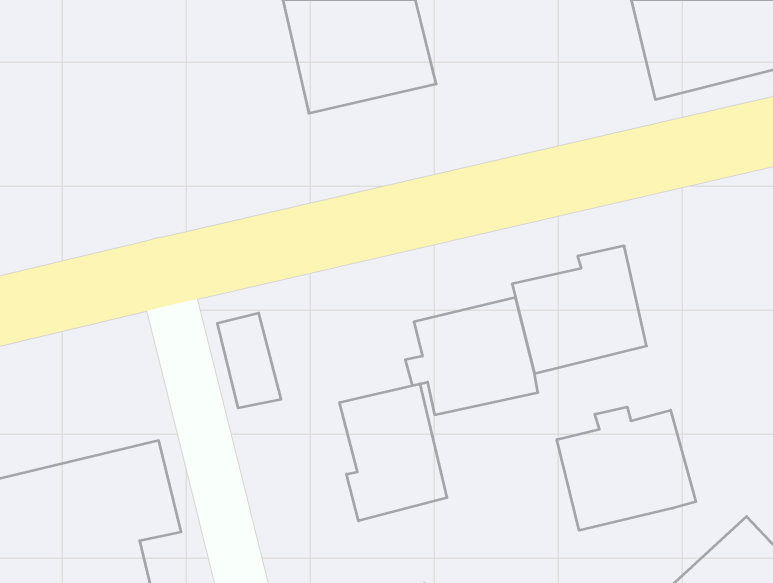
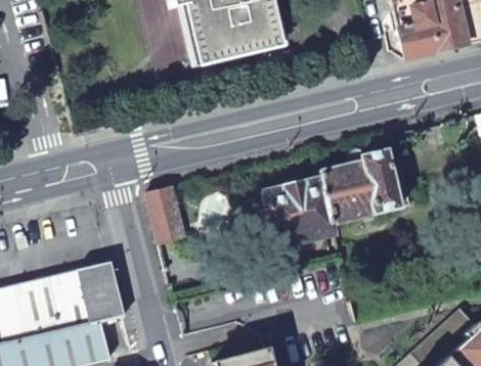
building: [340,384,447,521] -> none
building: [557,407,696,530] -> none

